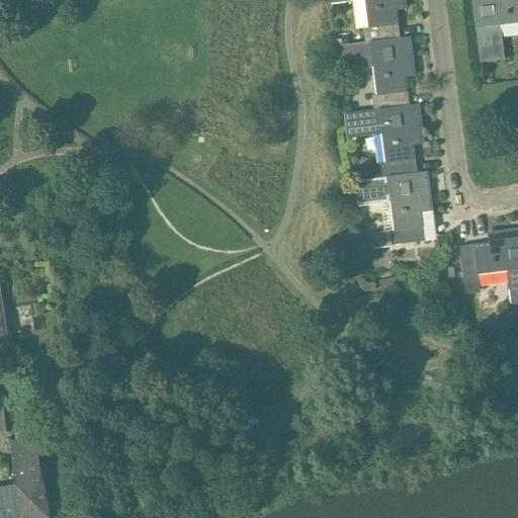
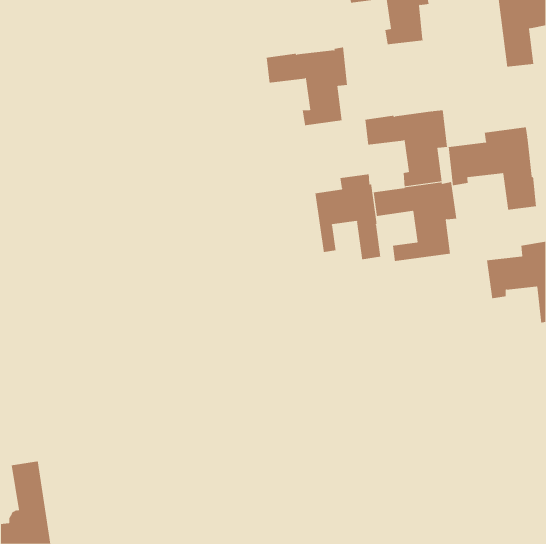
building: [337,35,415,110] -> [266,47,348,126]
building: none -> [448,126,537,211]
building: none -> [315,174,381,260]

